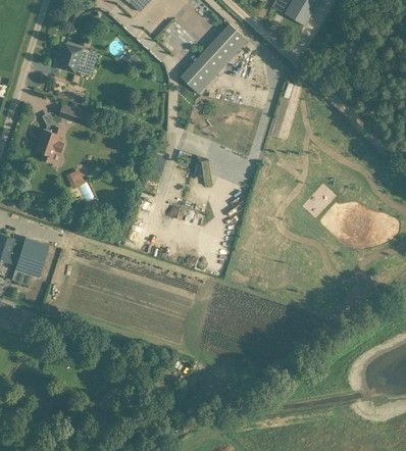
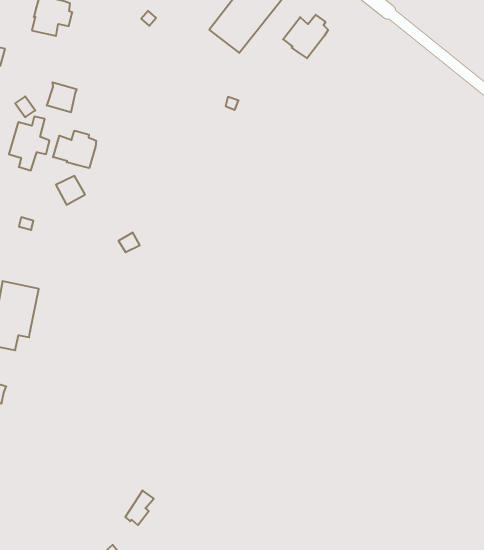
building: none -> [283,15,328,58]
building: none -> [53,131,96,168]

